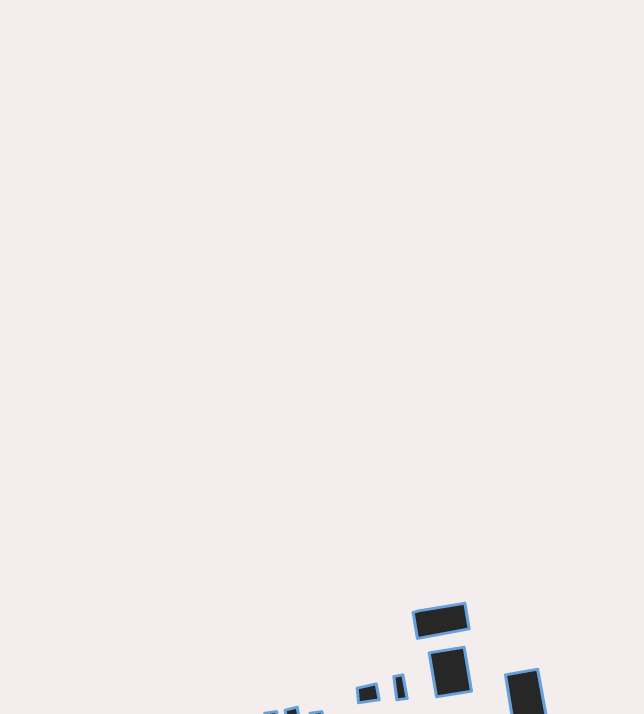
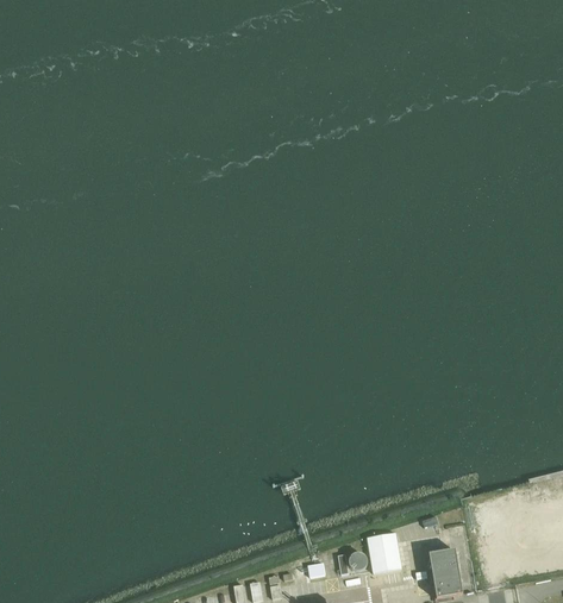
building: [413,603,469,638] -> none

